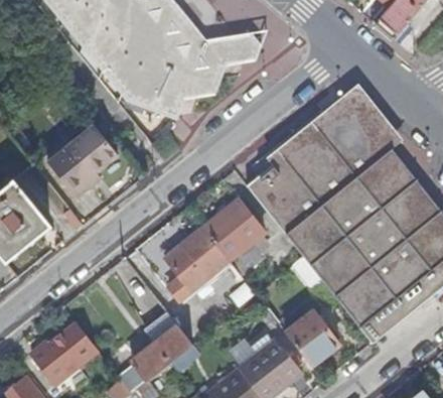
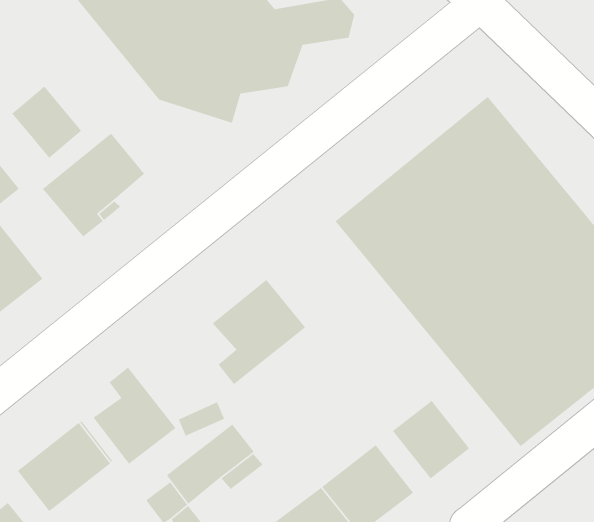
building: none -> [11,85,82,159]
building: [200,197,263,275] -> none
building: none -> [92,367,177,465]

